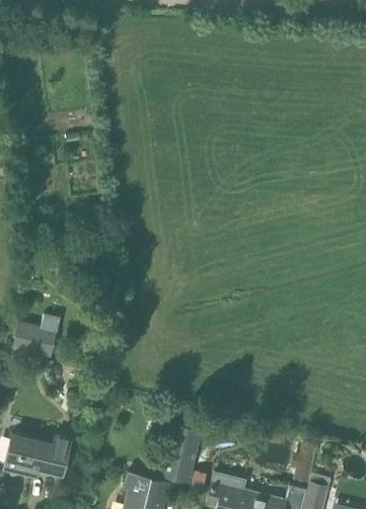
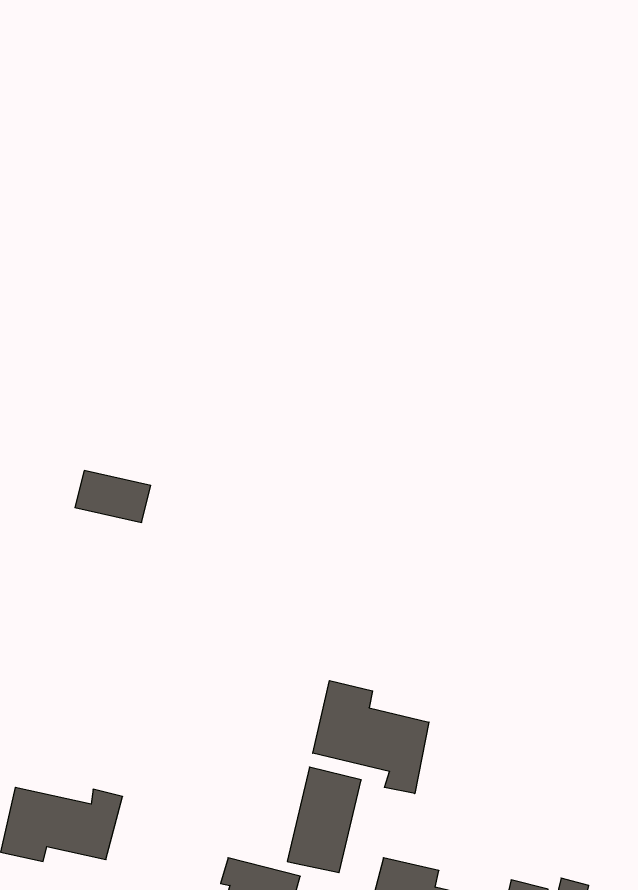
building: [12,325,54,354] -> [75,471,151,522]
building: none -> [313,681,429,794]

